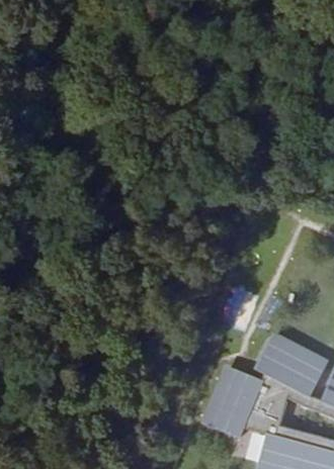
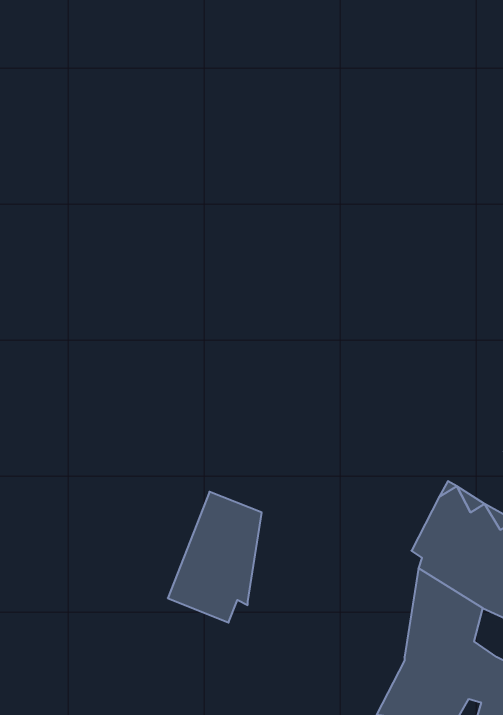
building: [203,366,258,442] -> [168,492,262,623]

